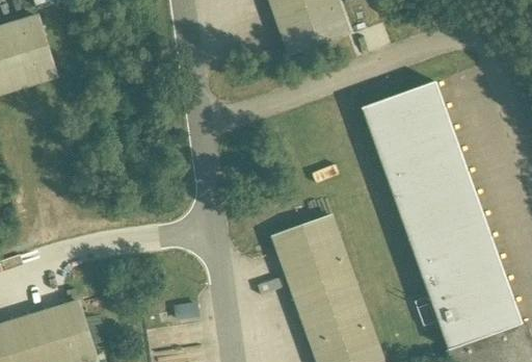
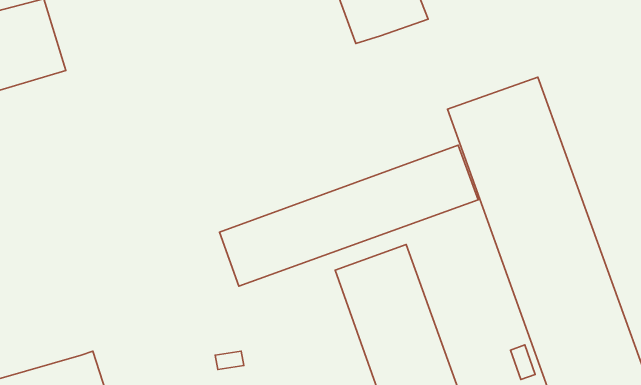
building: none -> [220,145,478,286]

